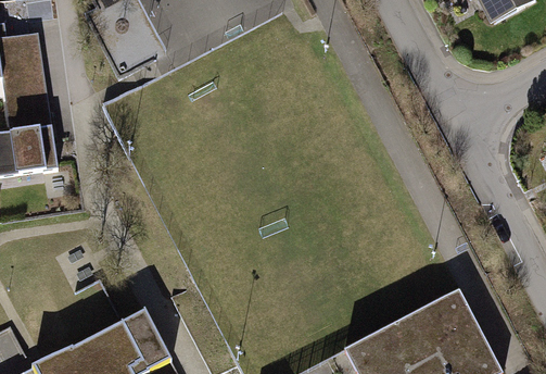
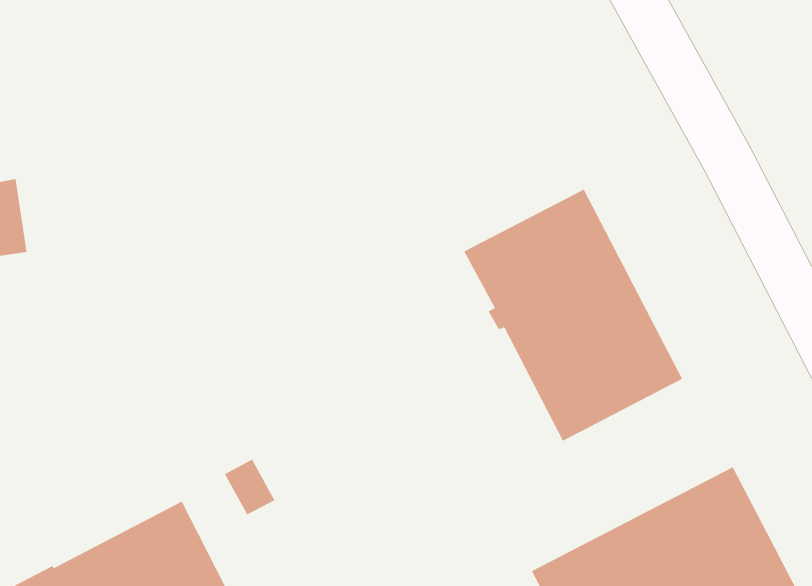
building: none -> [463,188,683,442]

